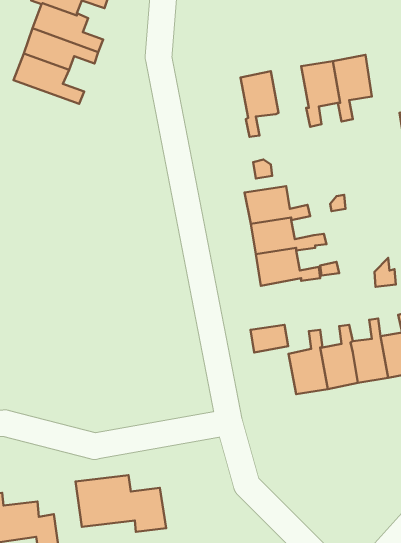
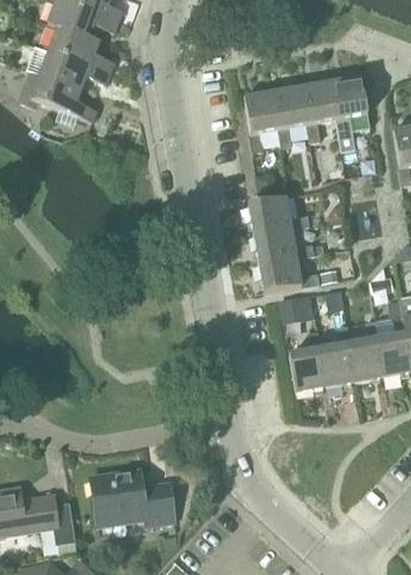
building: none -> [274,85,309,147]
building: [250,325,288,353] -> [280,295,315,321]

